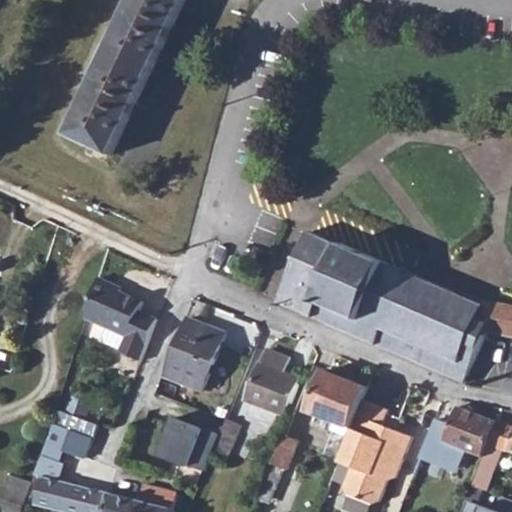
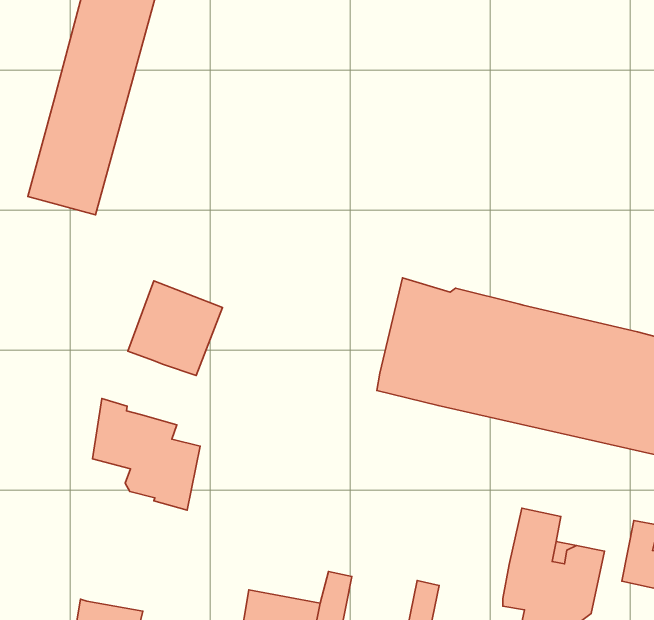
building: none -> [128,281,222,375]
building: [164,318,223,391] -> none
building: [244,348,299,415] -> none
building: [308,370,365,434] -> none

